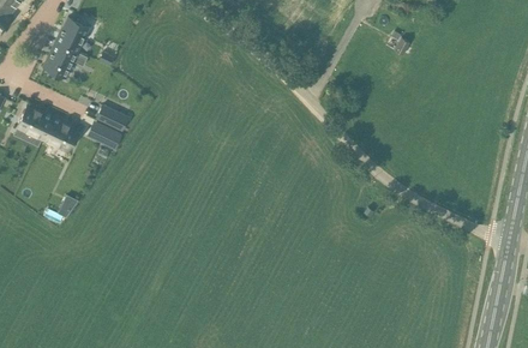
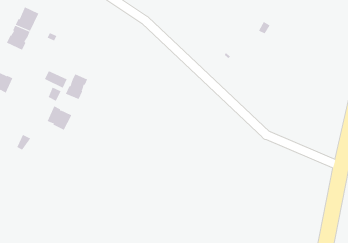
building: none -> [65,73,88,100]
building: [43,116,78,151] -> [47,106,72,131]

